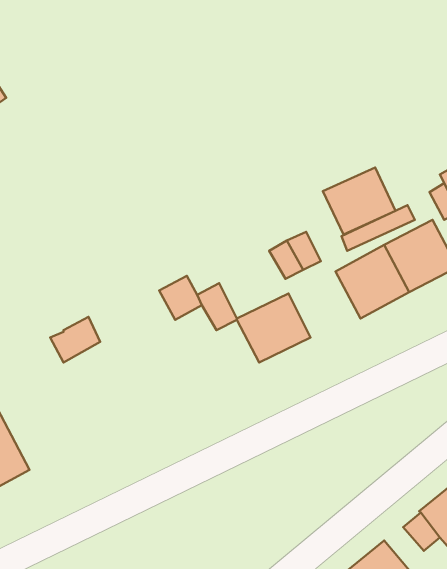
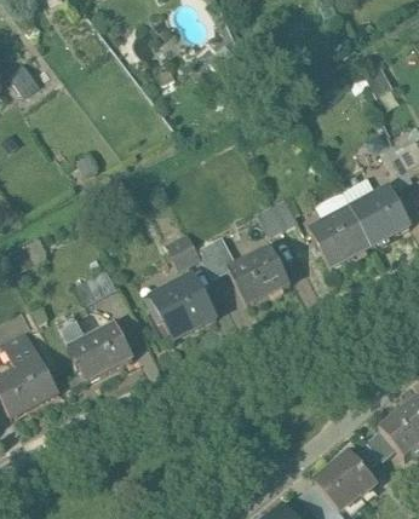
building: [323,167,396,235] -> none
building: none -> [144,271,216,338]
building: none -> [70,321,132,380]

